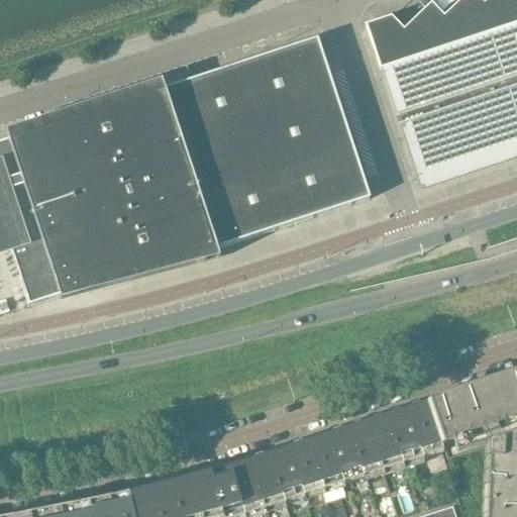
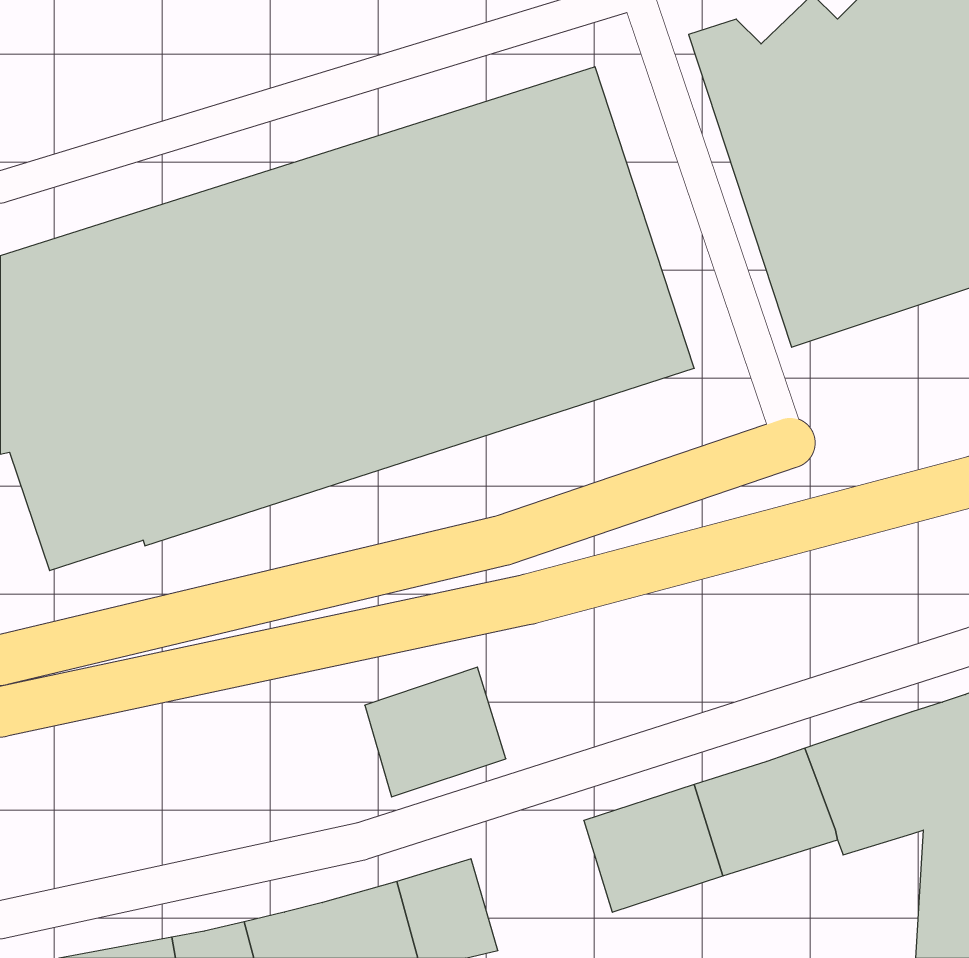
building: [252,434,327,503] -> [365,667,506,797]

